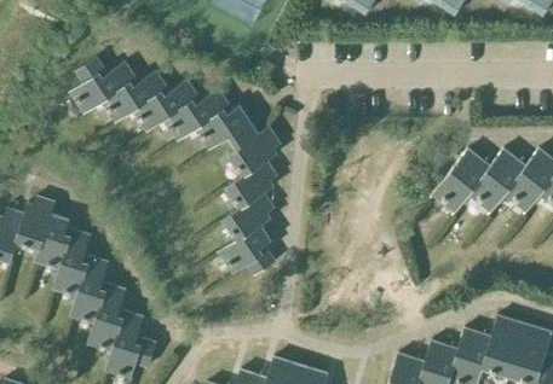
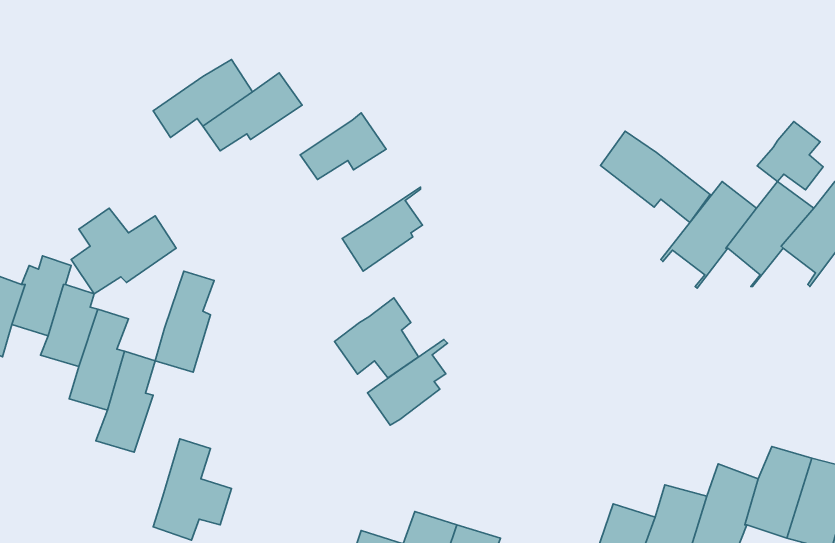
building: [71,57,138,111] -> [71,208,176,294]
building: [168,89,232,139] -> none
building: none -> [757,121,823,190]
building: none -> [600,131,710,222]
building: [229,127,280,174] -> none
building: [223,184,273,238] -> [367,339,448,425]
building: [88,284,126,348] -> [155,271,214,372]

